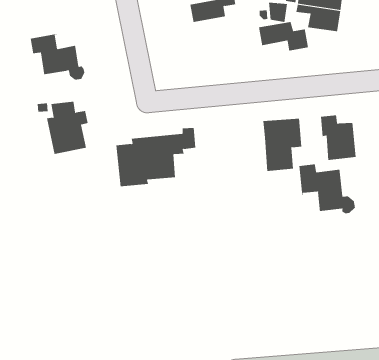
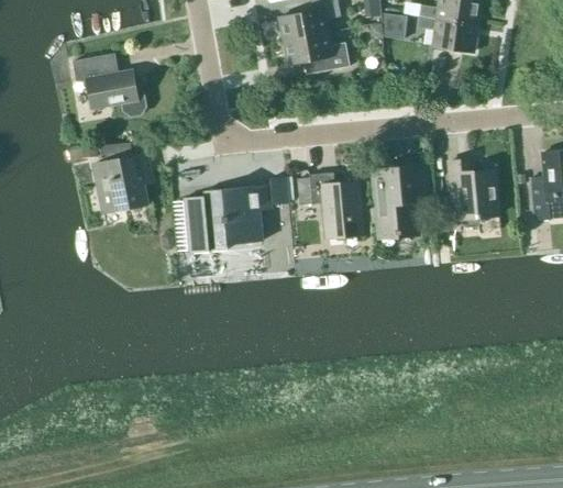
building: [258,21,309,51] -> [284,32,350,70]
building: none -> [297,171,363,237]
building: [299,163,355,214] -> none

